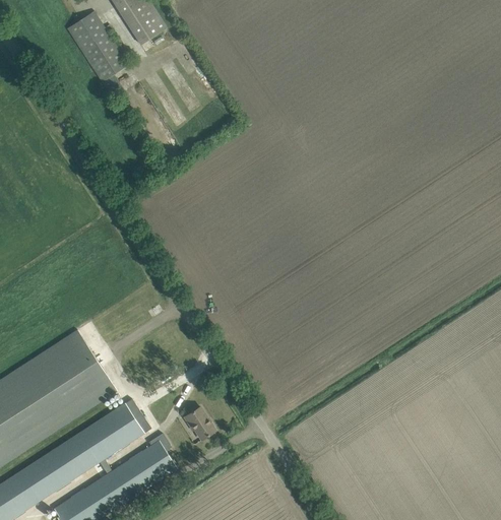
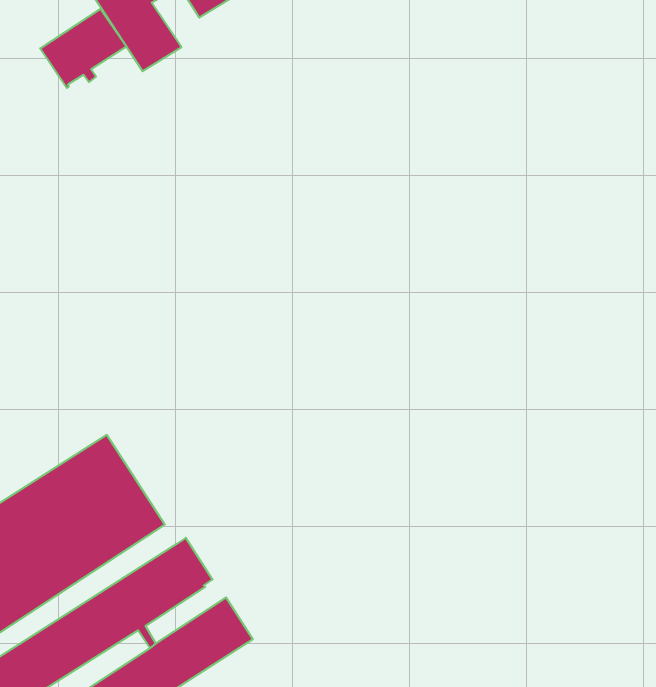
building: none -> [40,9,127,88]
building: [183,406,214,440] -> none

